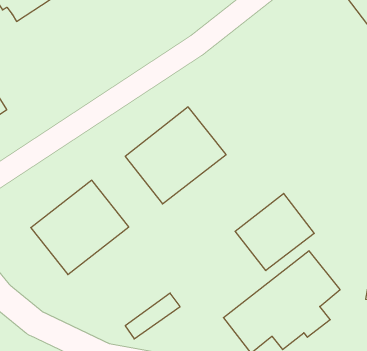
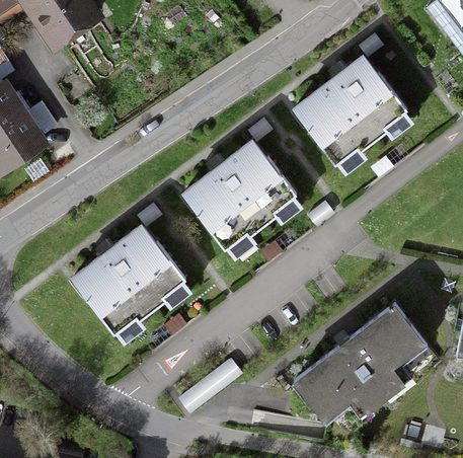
building: none -> [294,55,409,166]
building: [235,193,314,271] -> none

